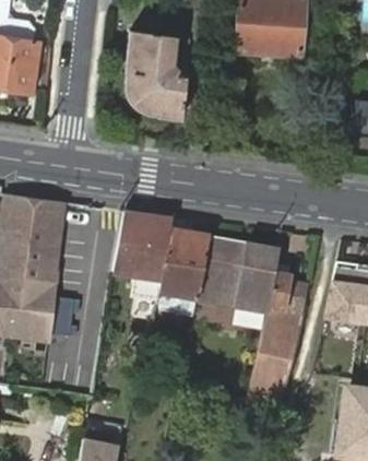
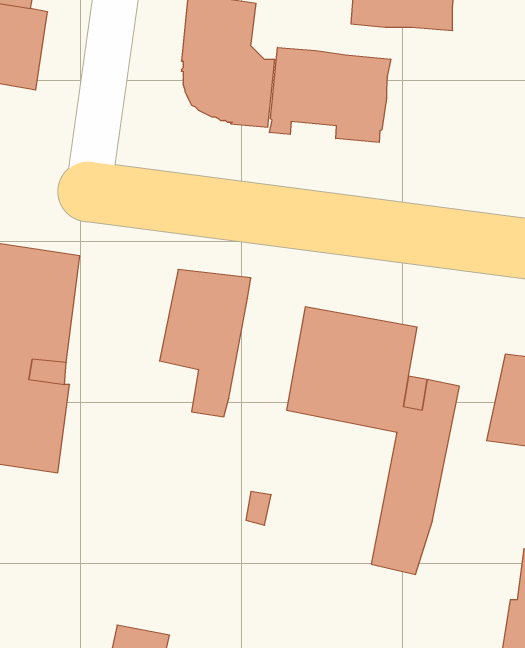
building: none -> [269,47,391,142]
building: [157,228,206,300] -> none

